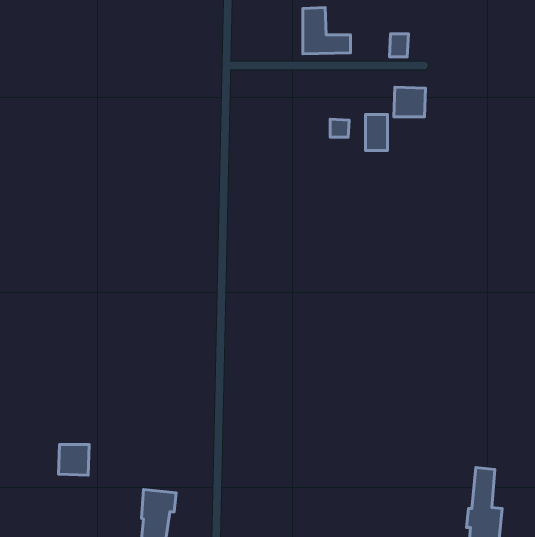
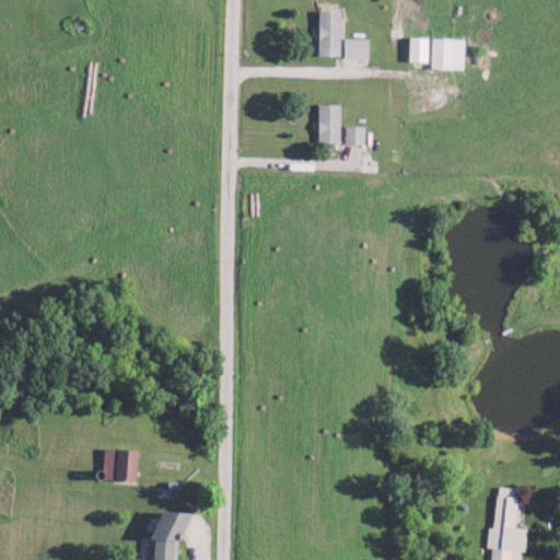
building: [394,87,426,117] -> [431,38,464,69]
building: [366,115,388,150] -> [318,105,341,142]
building: [59,445,89,475] -> [105,450,137,481]

